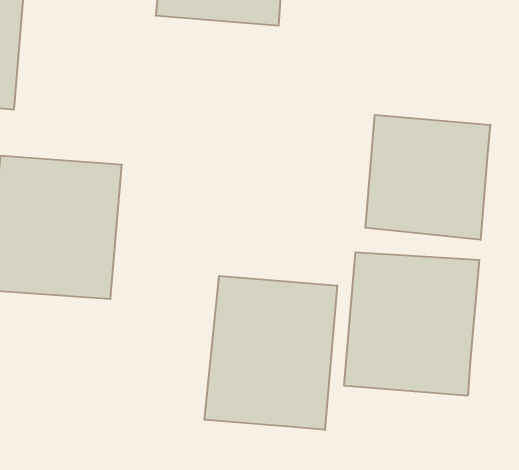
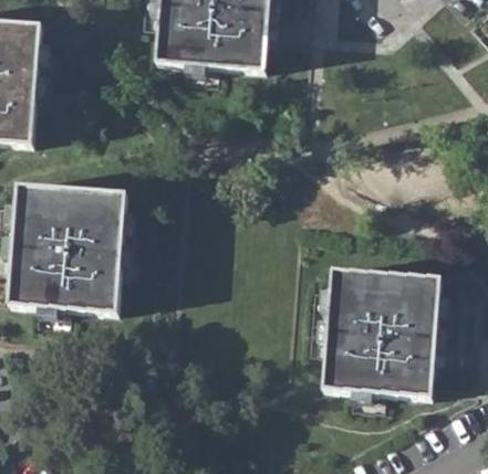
building: [366,115,490,240] -> none
building: [205,276,337,430] -> none

